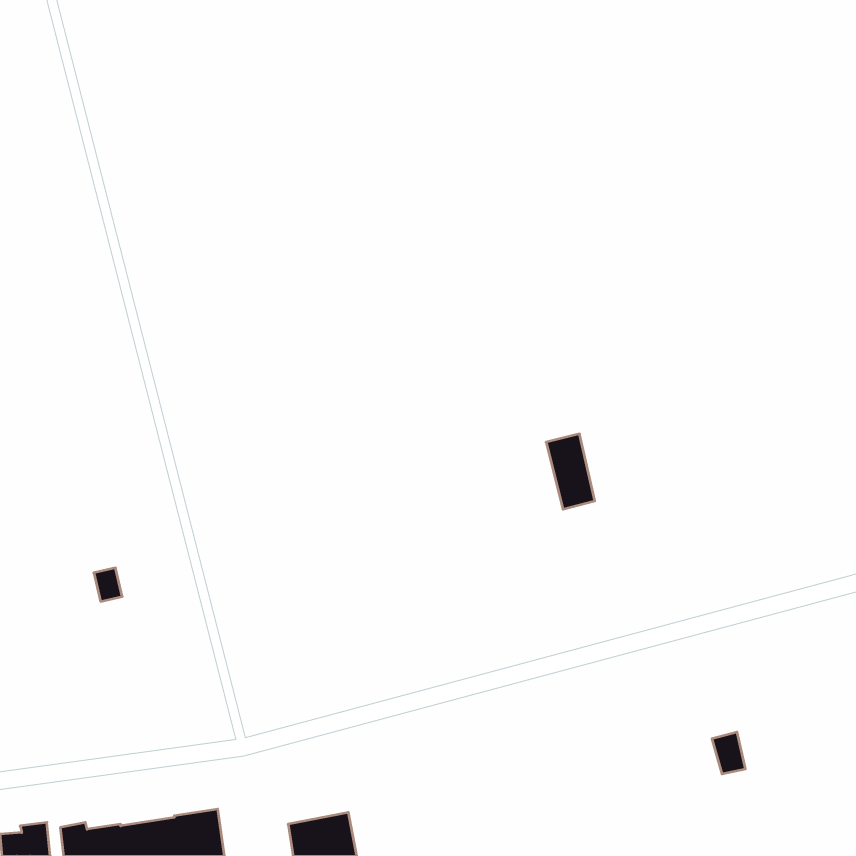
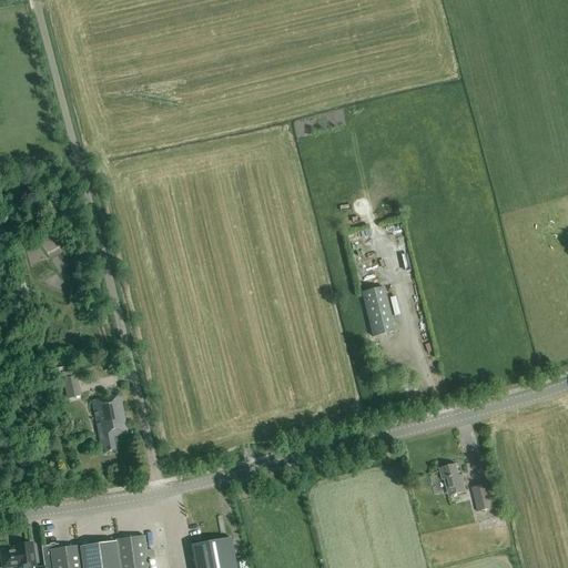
building: none -> [92,396,128,453]
building: none -> [438,465,465,498]

